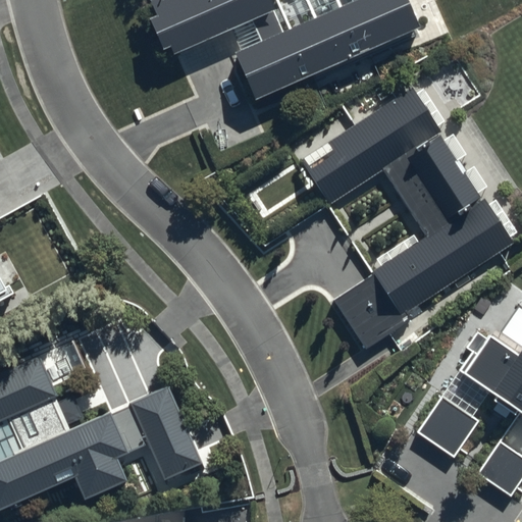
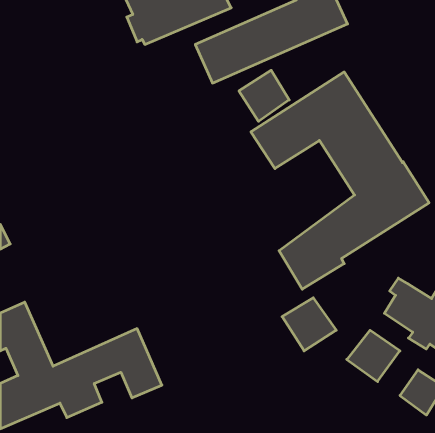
building: none -> [239,70,289,121]
building: none -> [282,298,336,351]

